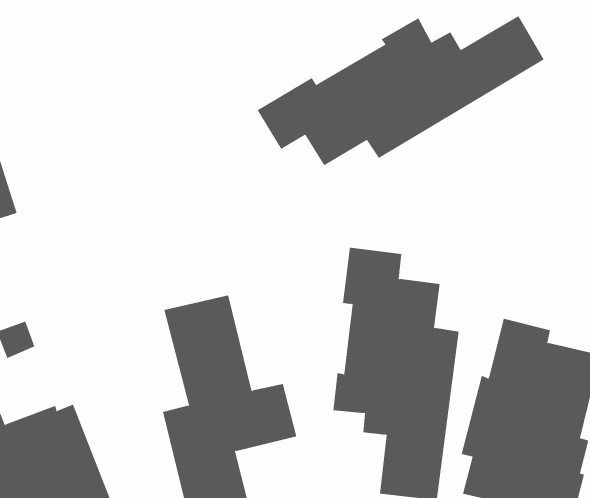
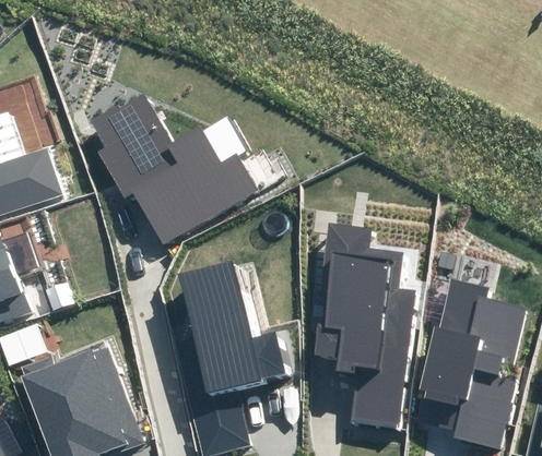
building: [257,15,544,166] -> none
building: none -> [90,91,257,243]

